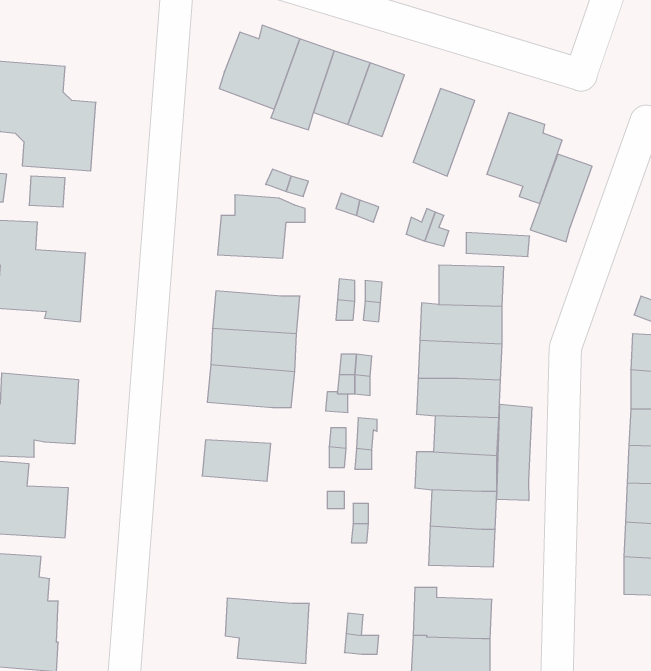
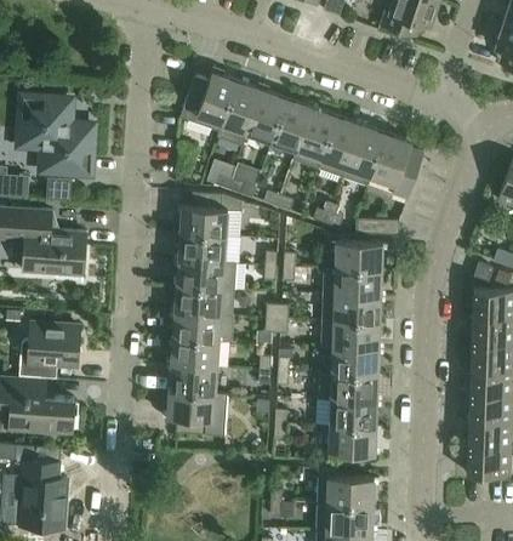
building: none -> [293,107,337,169]
building: [530,154,592,242] -> [342,125,386,187]
building: none -> [178,234,226,263]
building: none -> [171,338,218,368]
building: [497,404,532,501] -> none
building: [225,598,309,663] -> [167,391,227,437]

